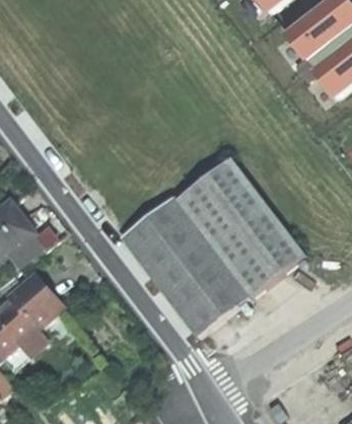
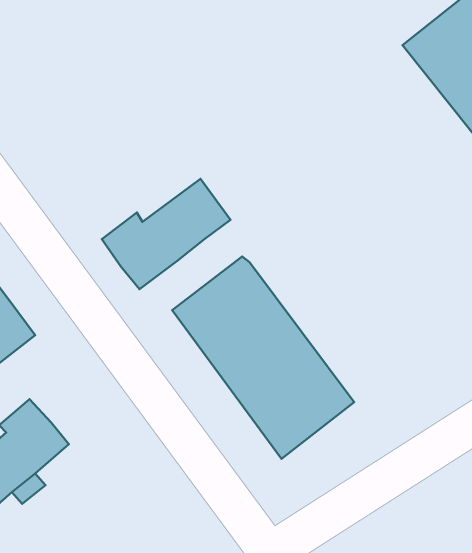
building: none -> [102,179,231,289]
building: [182,151,311,287] -> none

